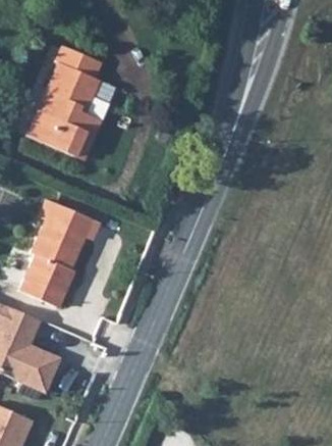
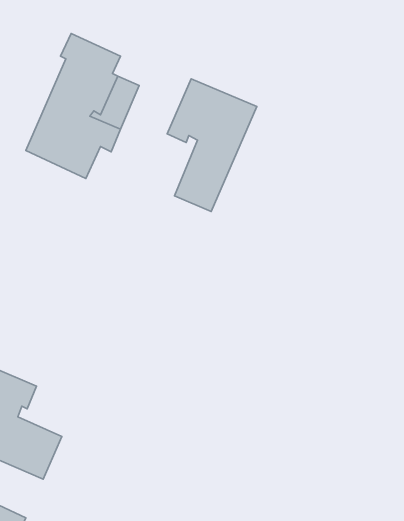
building: none -> [167,79,257,211]
building: [19,200,98,308] -> none

